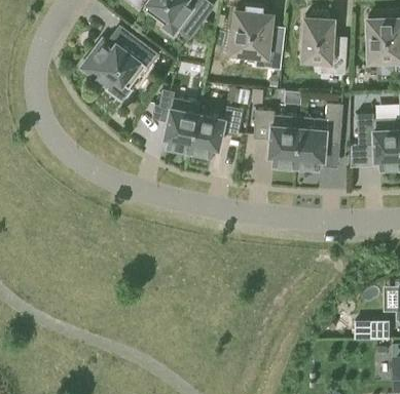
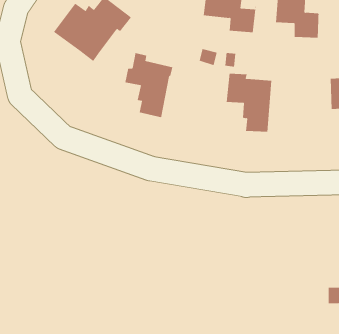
building: [295,104,343,171] -> none
building: [189,107,243,160] -> none

